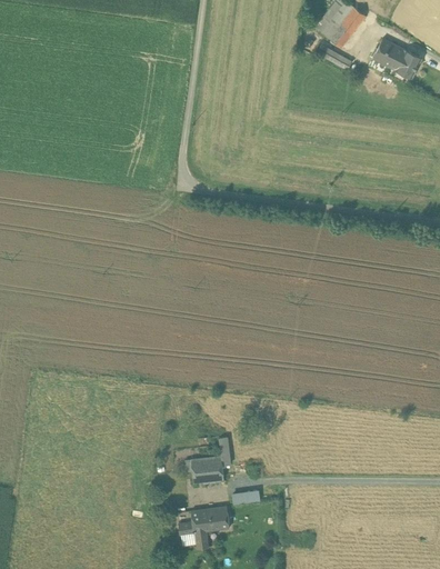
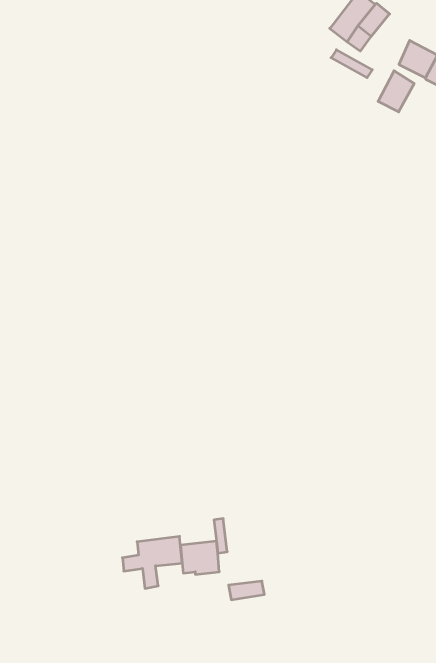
building: none -> [378,71,414,112]
building: [179,507,229,550] -> [122,536,182,588]

